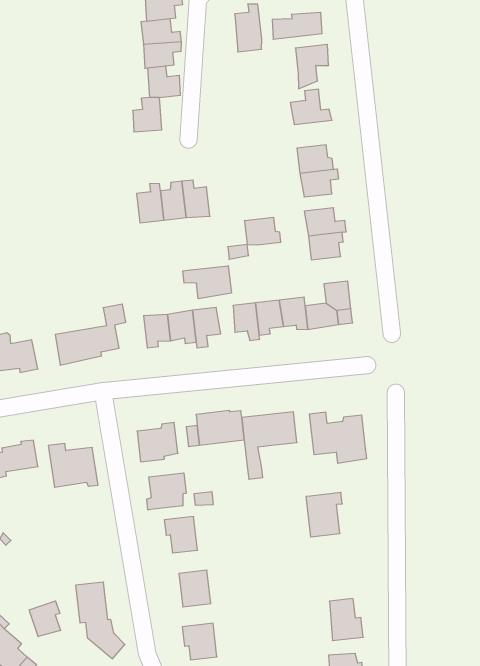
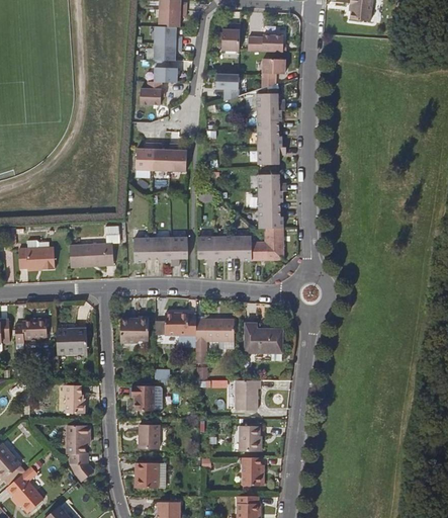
building: none -> [217,74,241,101]
building: none -> [257,113,280,131]
building: [244,217,281,245] -> [258,211,282,230]
building: [183,266,231,299] -> none
building: [147,473,186,510] -> none
building: none -> [63,382,83,409]
building: none -> [239,427,259,452]
building: [29,601,61,637] -> none

